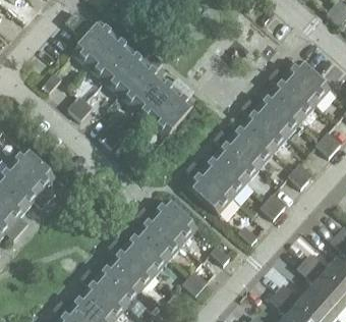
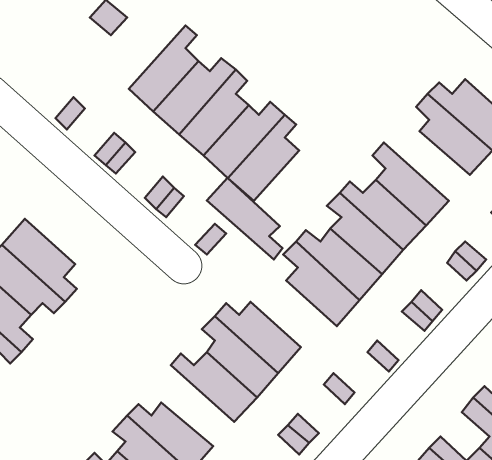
building: [71,19,123,66] -> none
building: [247,93,301,137] -> none
building: none -> [207,178,283,260]
building: [106,239,154,290] -> none

